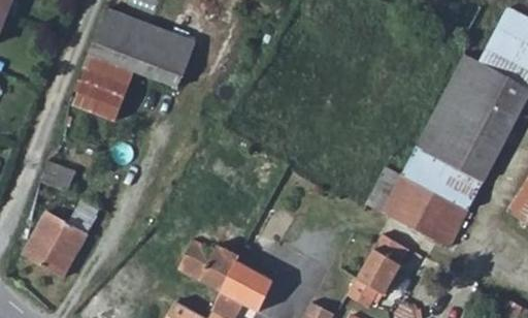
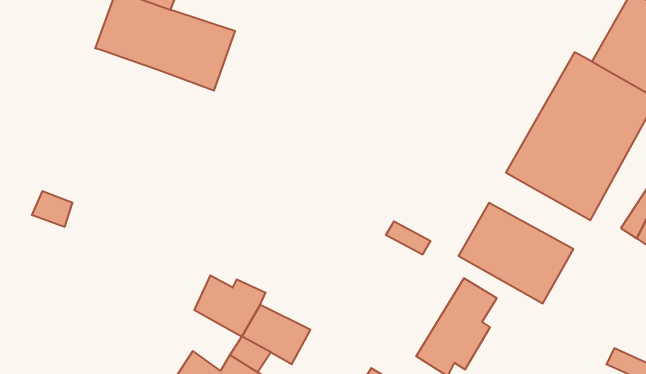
building: [74,54,142,123] -> none
building: [398,150,477,210] -> none
building: [28,216,89,279] -> none

